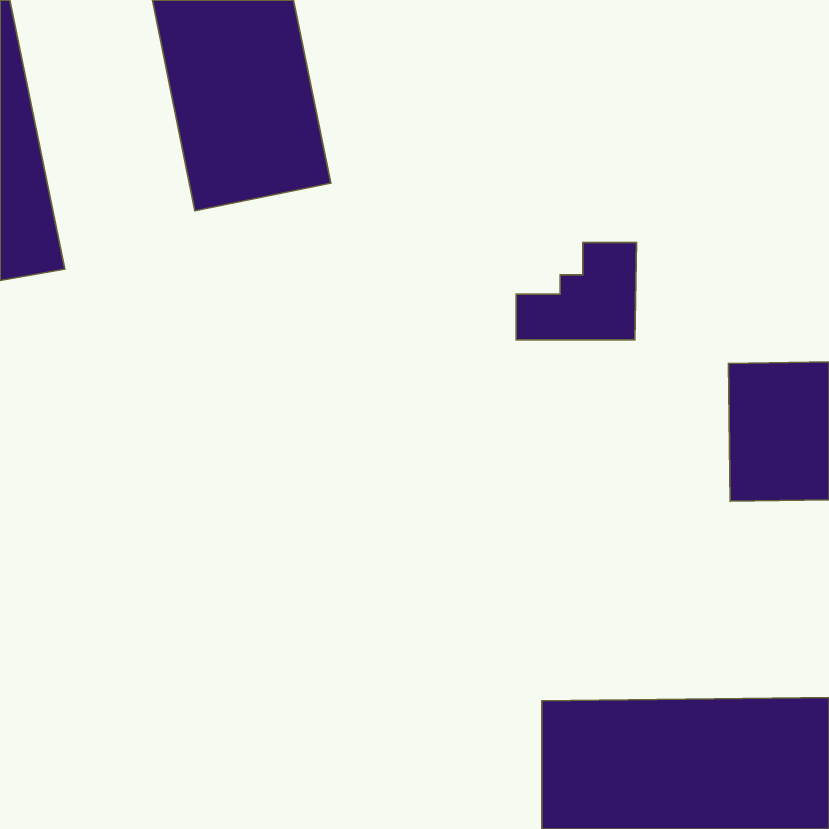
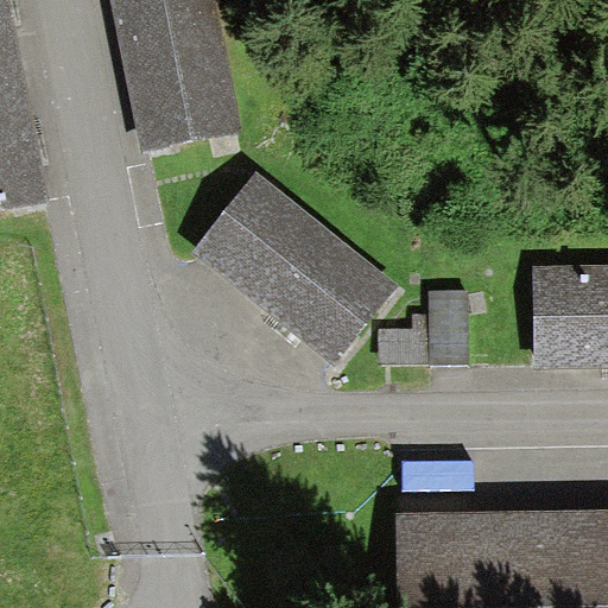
building: none -> [191,172,400,368]
building: [516,242,636,340] -> [381,291,469,362]

